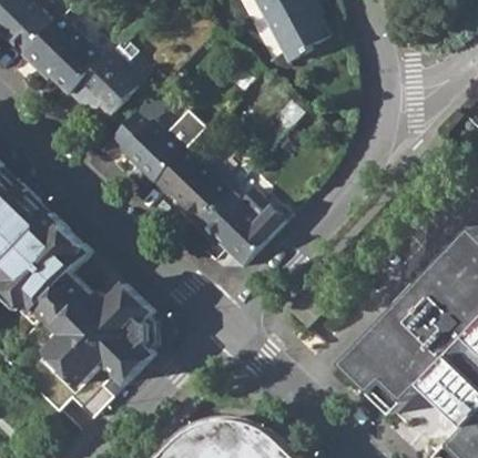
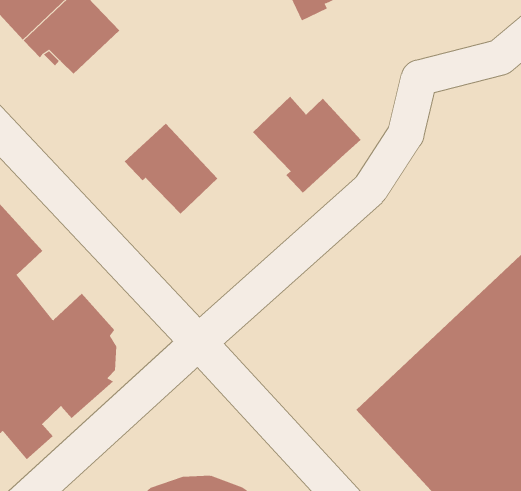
building: [108,90,203,180] -> none
building: [199,189,284,264] -> [252,96,362,193]

